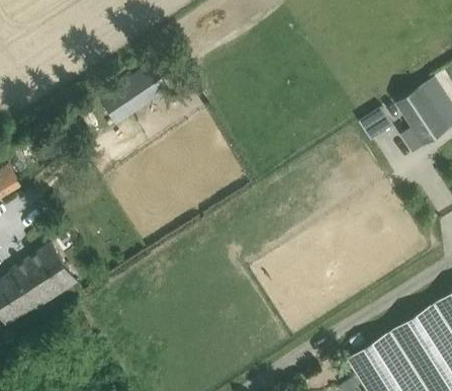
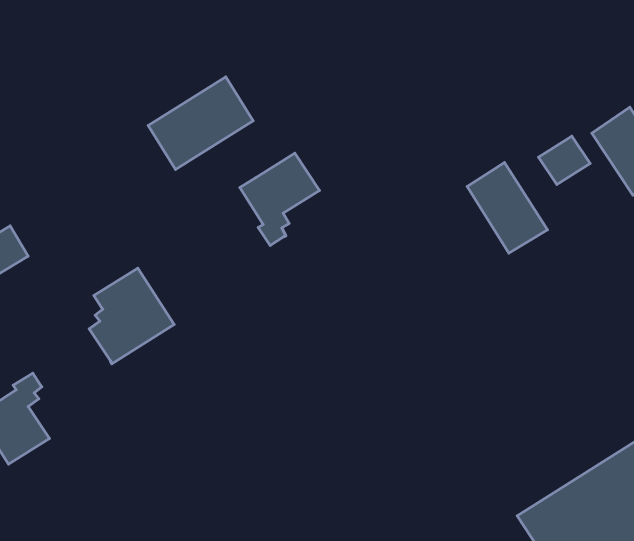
building: none -> [240,153,319,245]
building: none -> [467,162,548,253]
building: [20,245,77,309] -> [89,268,174,364]

